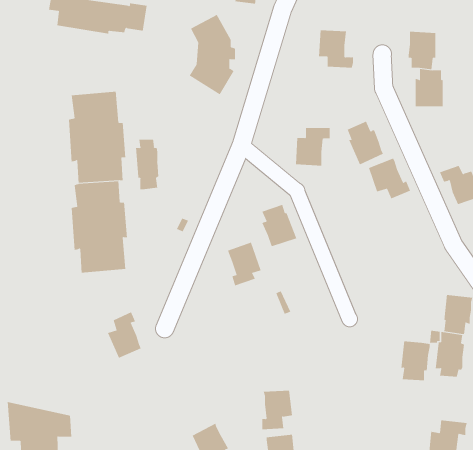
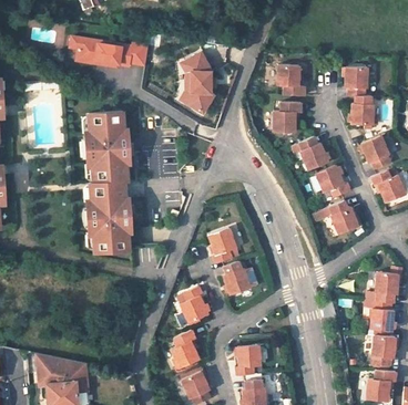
building: none -> [364,136,394,170]
building: [295,128,331,166] -> [276,102,304,132]
building: [136,139,159,190] -> none
building: none -> [312,200,360,235]
building: [261,204,297,247] -> [222,262,249,295]
building: [107,312,141,359] -> [180,287,206,323]
building: [401,341,430,381] -> [371,334,395,365]
building: none -> [171,330,197,370]

